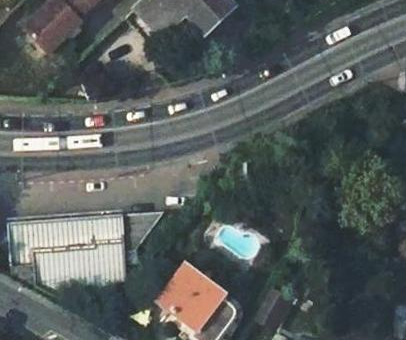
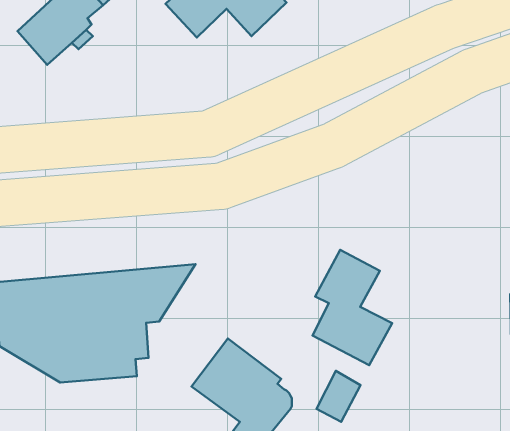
building: none -> [312,250,392,365]

